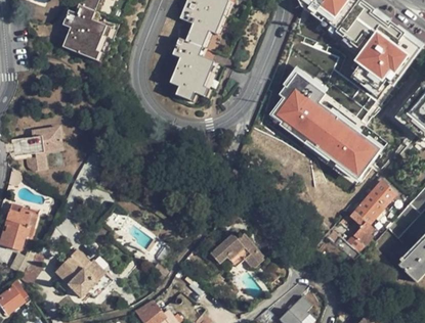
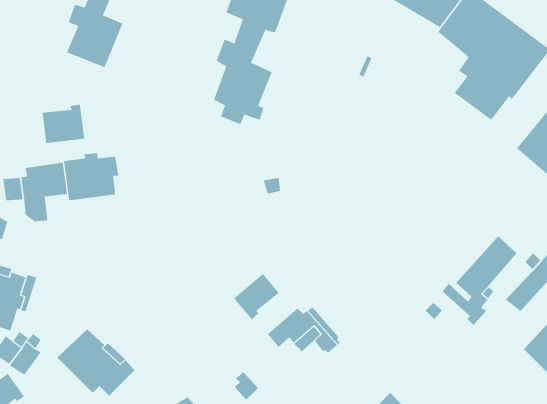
building: [270,64,386,182] -> none
building: none -> [42,104,85,144]
building: none -> [63,152,119,201]
building: none -> [233,273,279,320]

